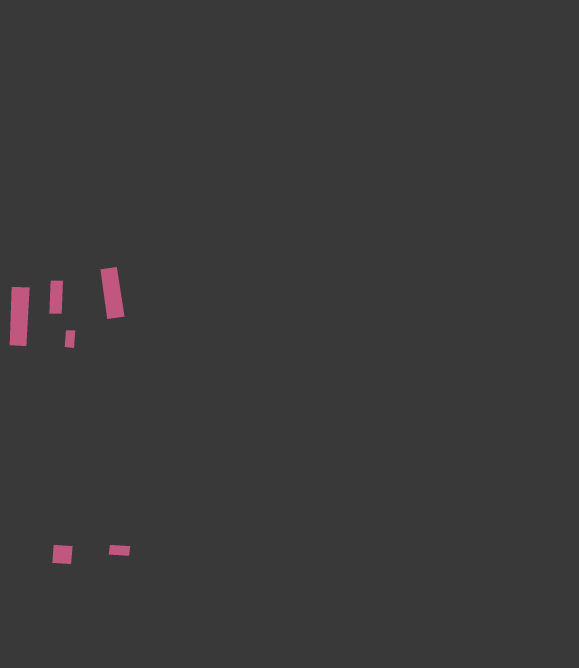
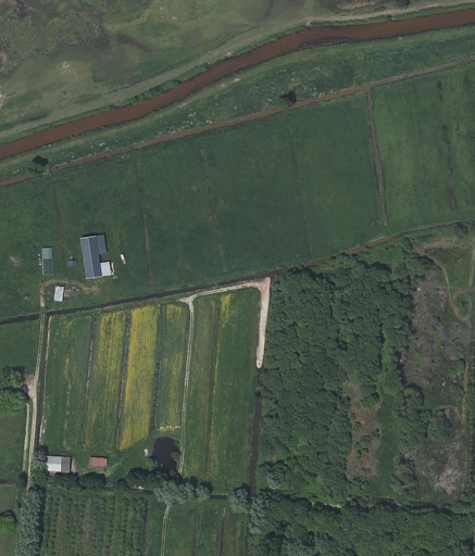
building: [9,286,31,347] -> none

